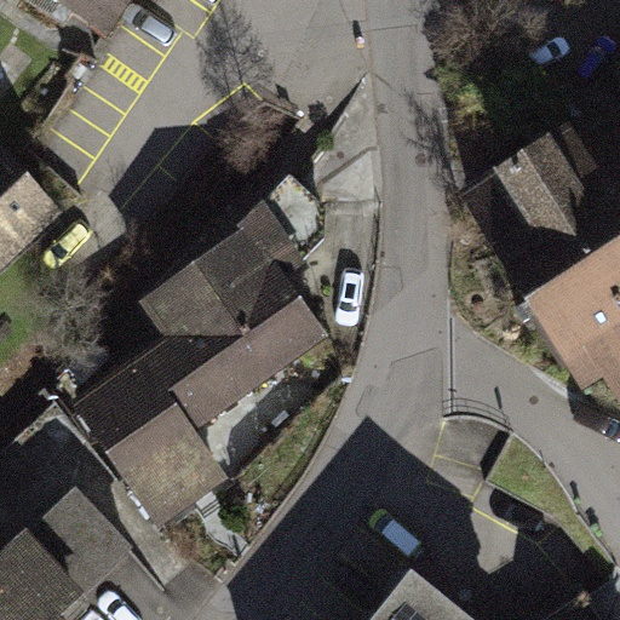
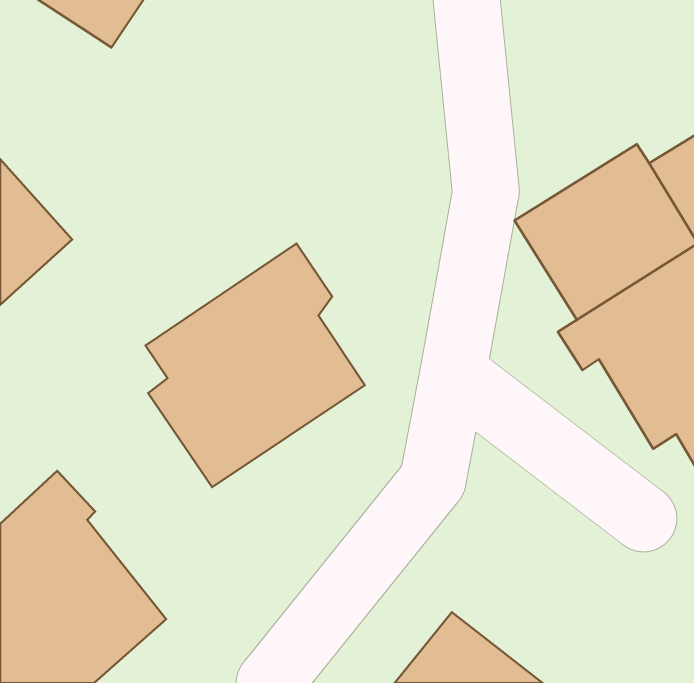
building: [68,350,225,527] -> none

